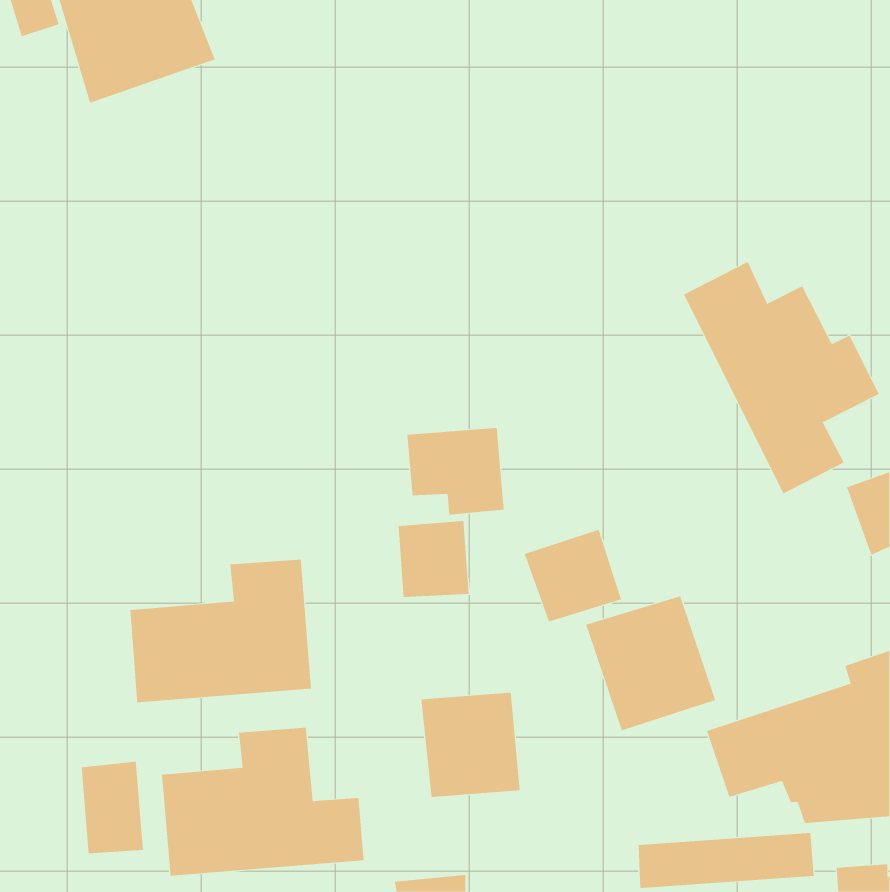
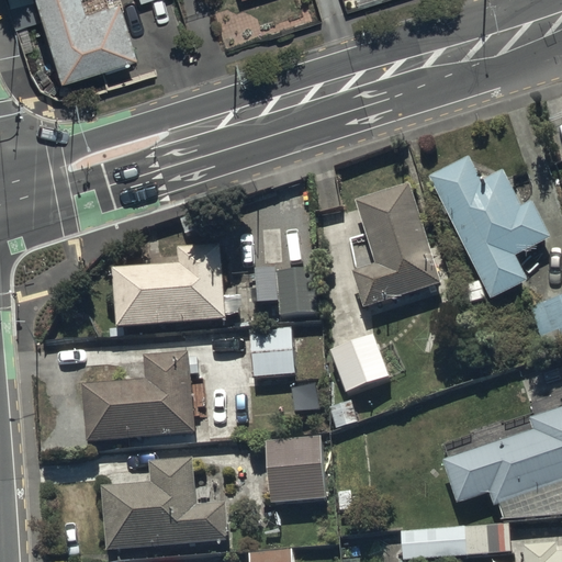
building: none -> [347,193,442,316]
building: none -> [111,240,226,326]
building: [586,596,716,731] -> none
building: [81,761,144,854] -> none

